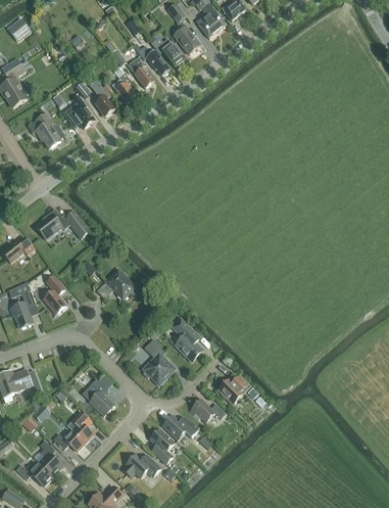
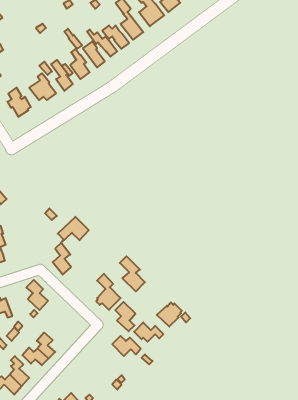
building: [35,209,90,239] -> none
building: [43,275,65,314] -> [53,243,71,275]
building: [87,378,113,415] -> [26,280,48,310]
building: [149,428,174,464] -> [115,302,135,331]
building: [123,454,160,477] -> none

